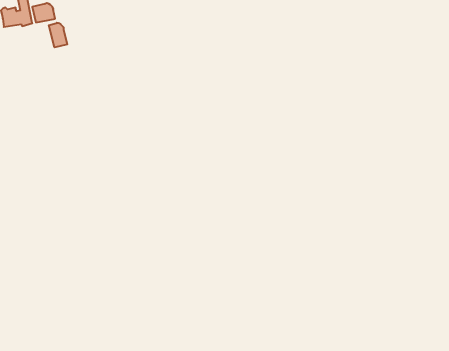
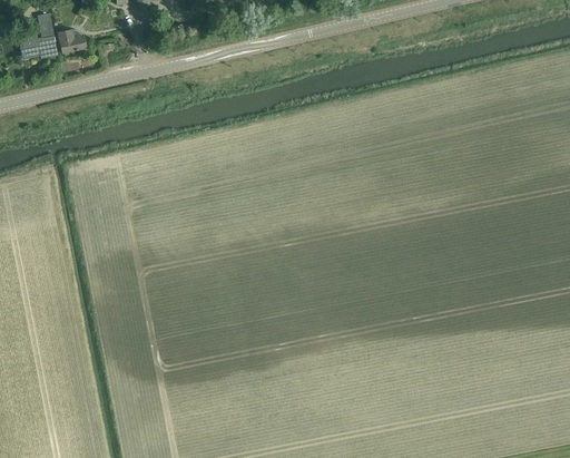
building: [49,23,67,47] -> none

